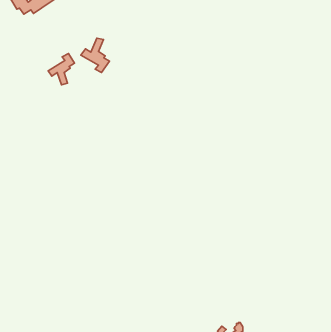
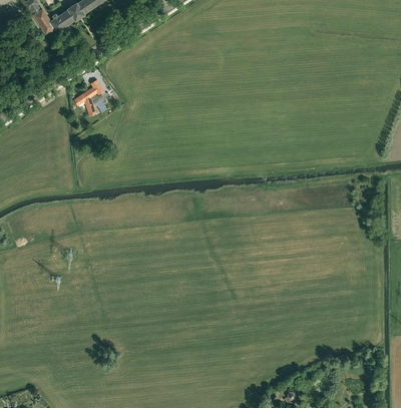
building: [81,38,109,72] -> none

